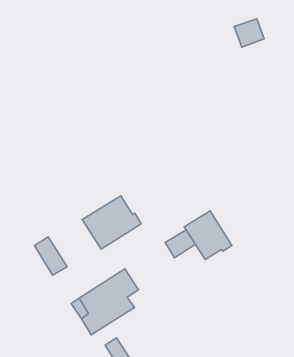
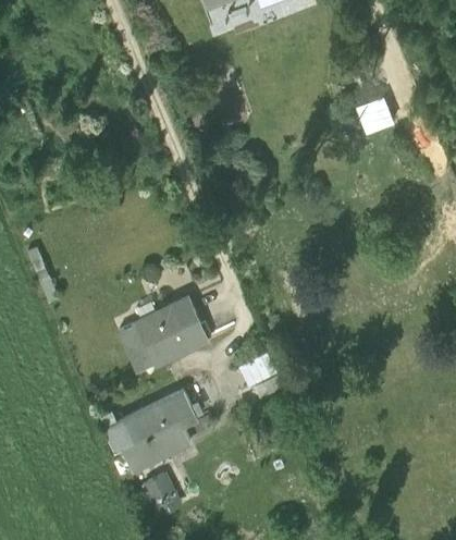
building: [184,211,232,260] -> none
building: [34,237,67,275] -> [118,324,156,373]

